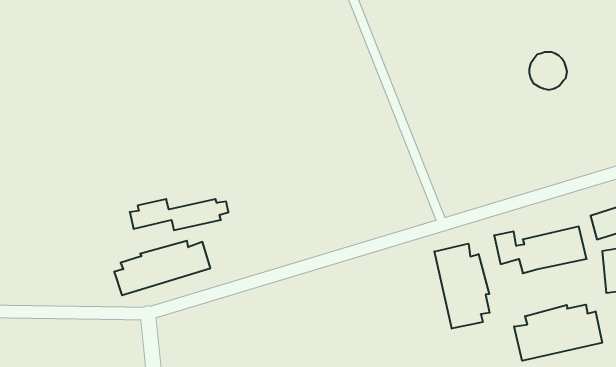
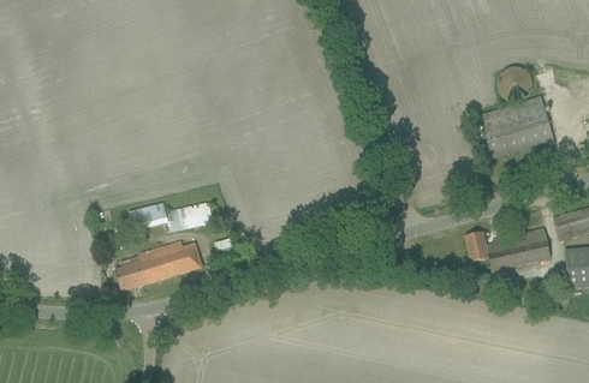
building: none -> [478,97,553,157]
building: [434,244,490,329] -> none
building: [514,305,602,361] -> none

